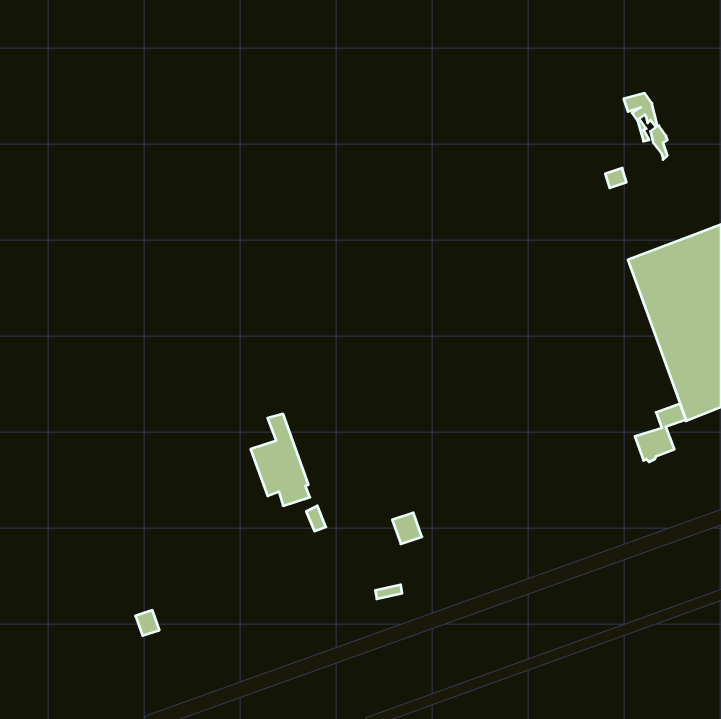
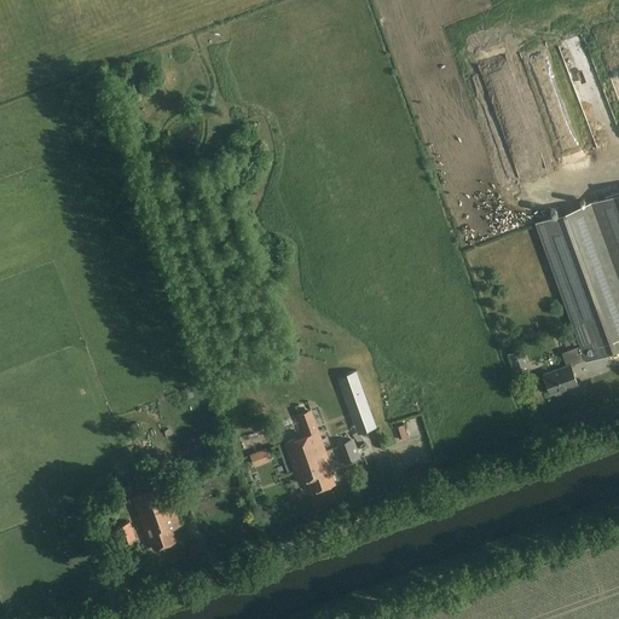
building: [251,414,310,506] -> [284,415,335,493]
building: none -> [343,377,376,427]
building: none -> [133,487,180,551]

